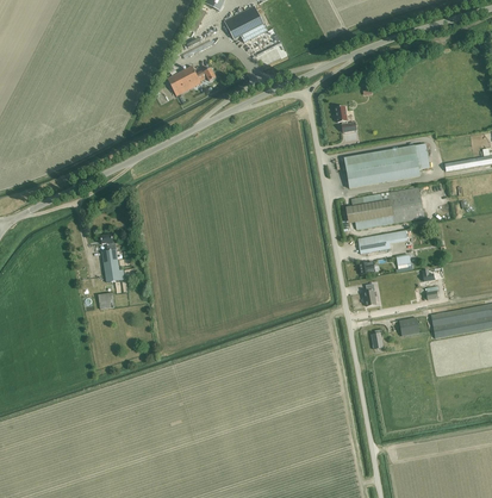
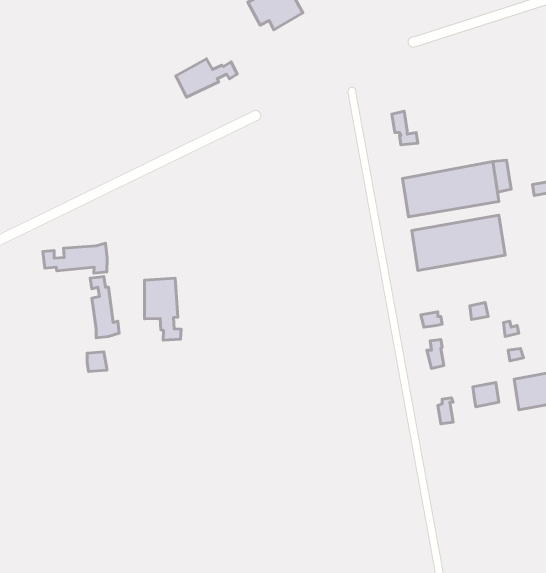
building: none -> [43,243,107,273]
building: [359,231,404,255] -> none
building: none -> [144,278,181,340]

